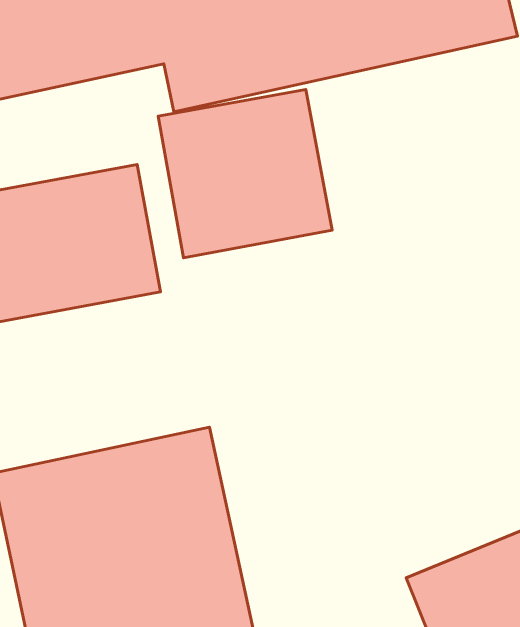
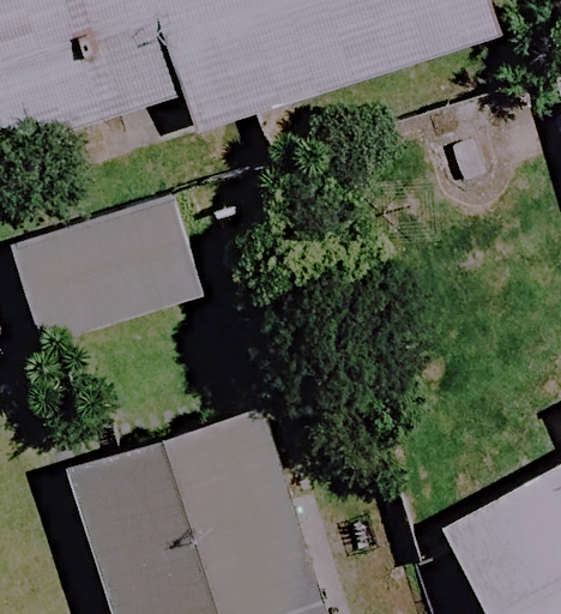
building: [158,90,332,258] -> none

